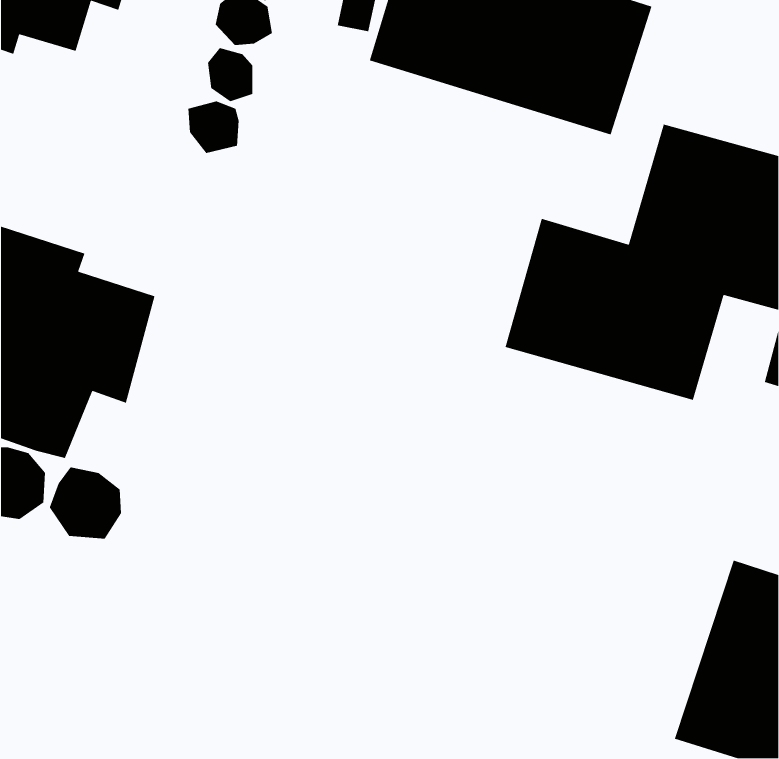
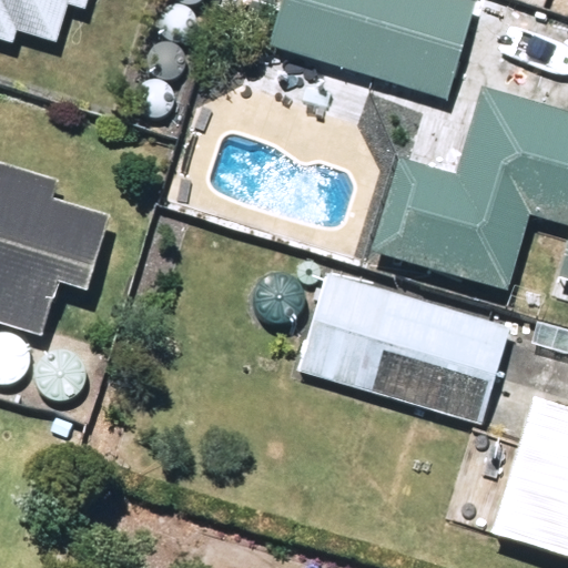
building: none -> [297,272,510,423]

